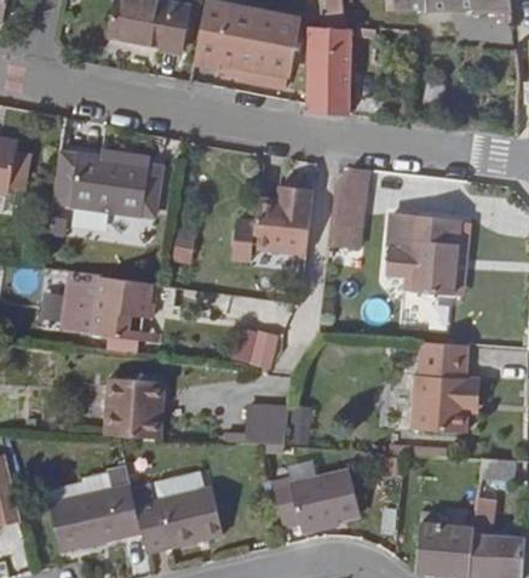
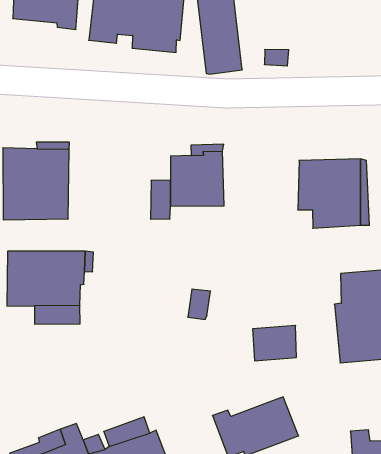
building: [332,170,370,250] -> none
building: [110,374,167,435] -> none
building: [245,407,293,443] -> [253,325,296,361]

